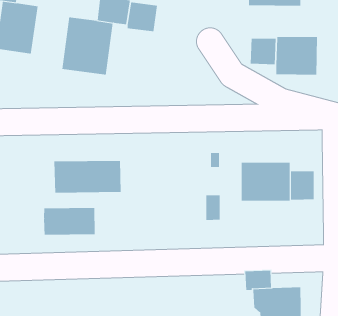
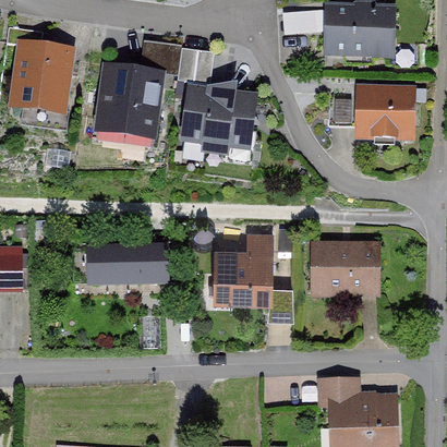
building: none -> [182,89,254,160]
building: none -> [215,231,270,297]
building: [290,171,314,201] -> none
building: [44,207,95,236] -> none

